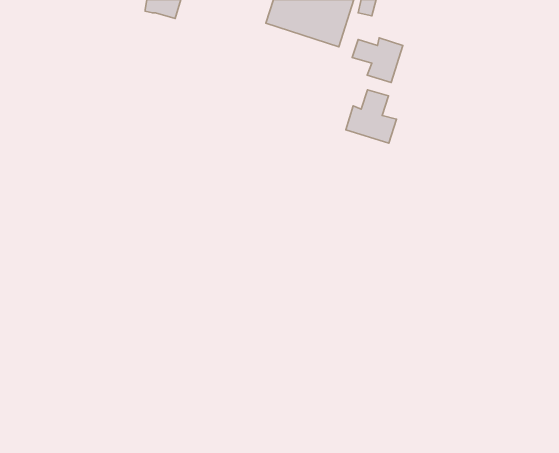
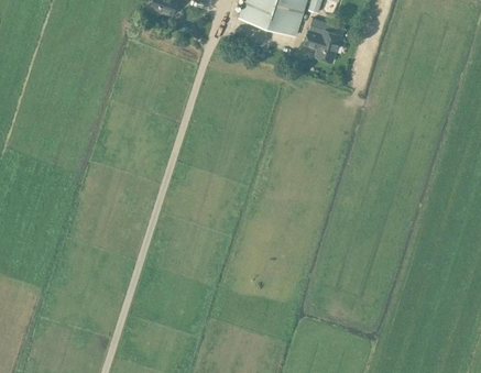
building: [346,90,396,143] -> none

